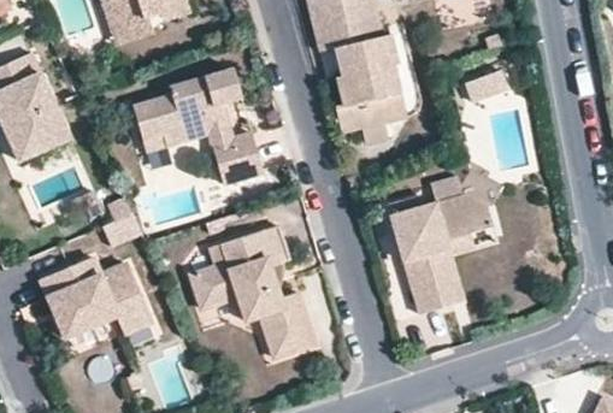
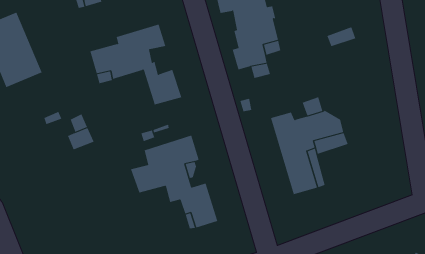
building: [40,258,152,338] -> none

